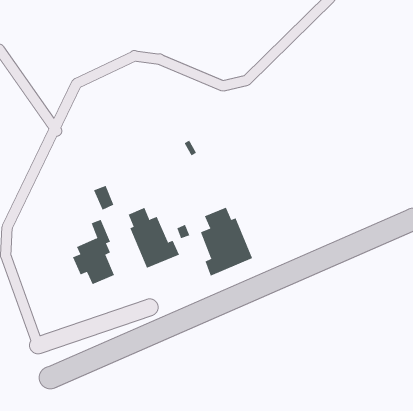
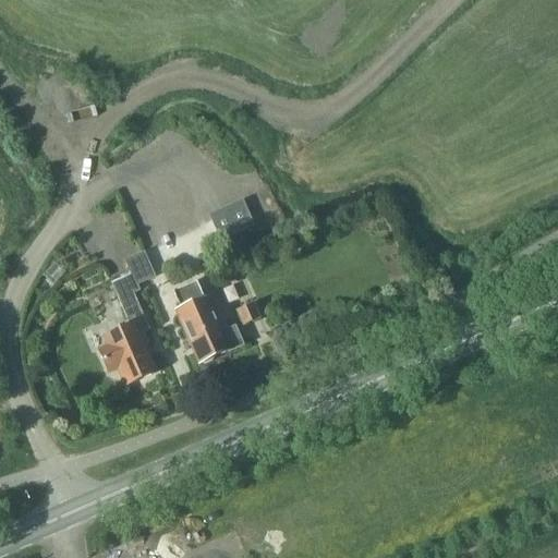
building: none -> [208,198,253,239]
building: [200,207,253,276] -> none

